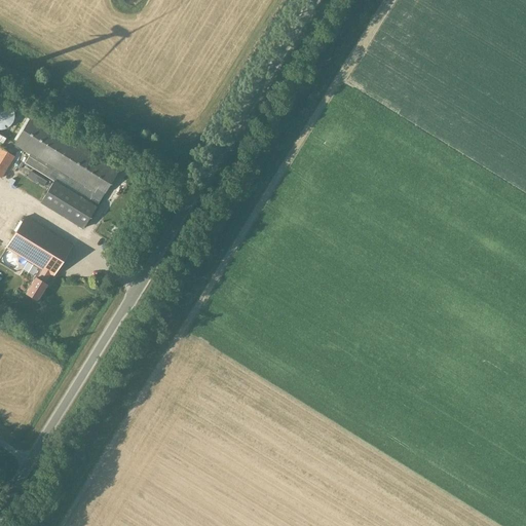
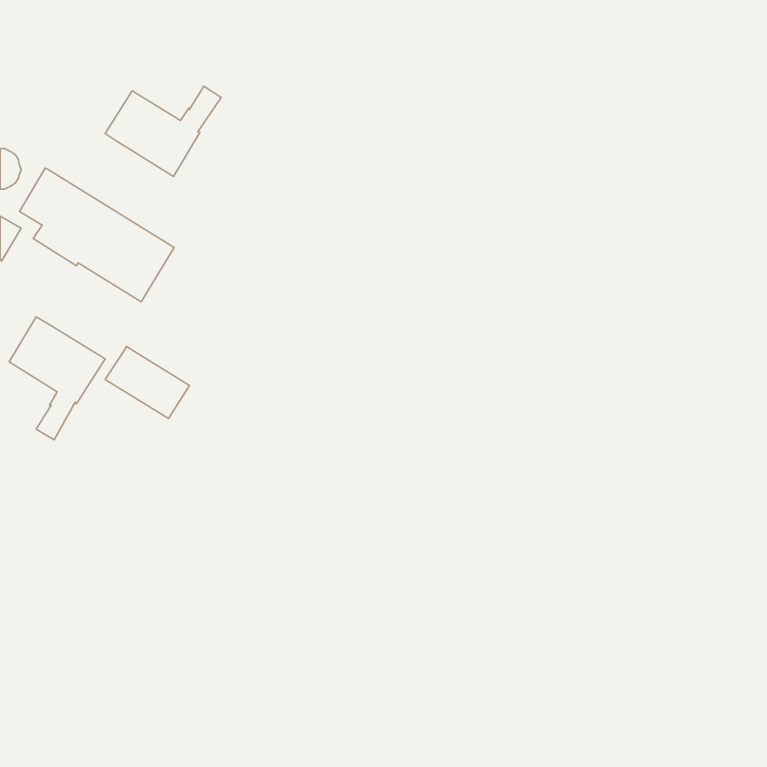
building: none -> [105,86,221,176]
building: [39,180,97,229] -> [105,346,189,418]

